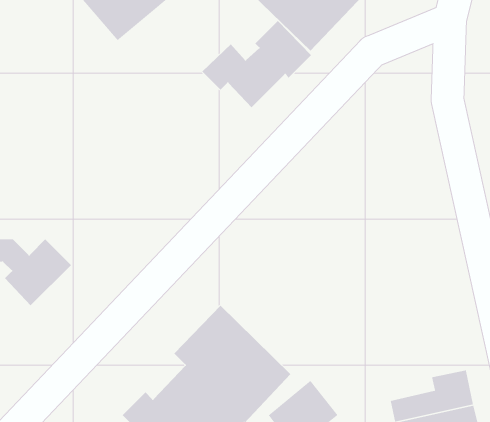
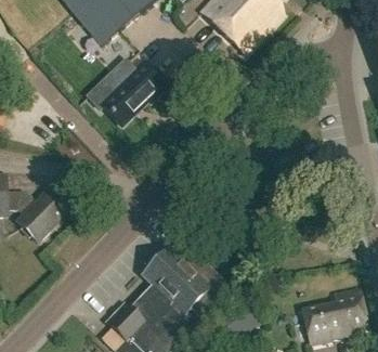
building: [201,20,312,108] -> [86,57,167,122]

